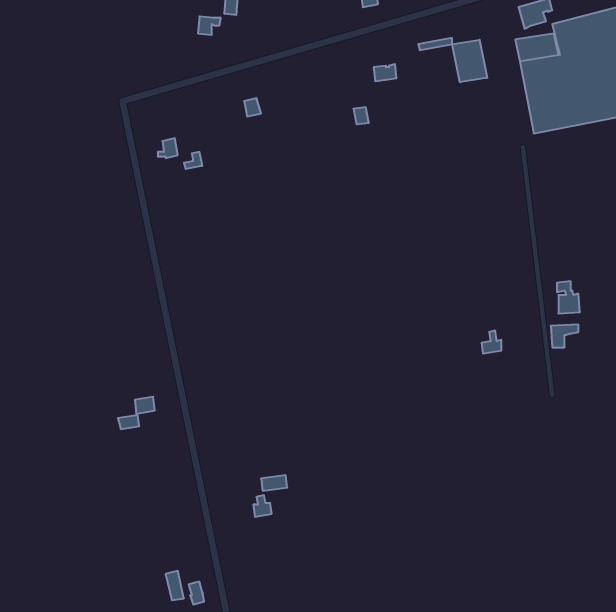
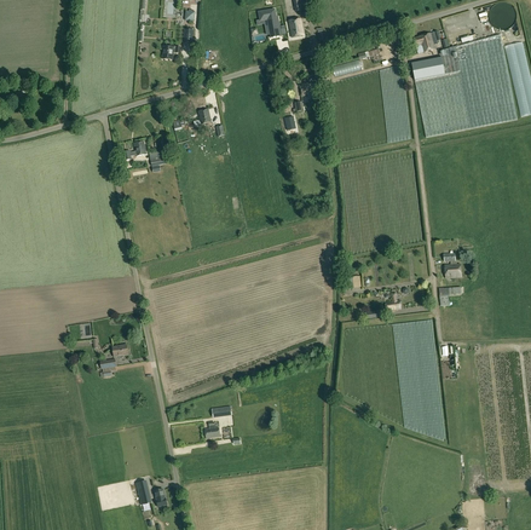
building: [452,40,487,82] -> none

